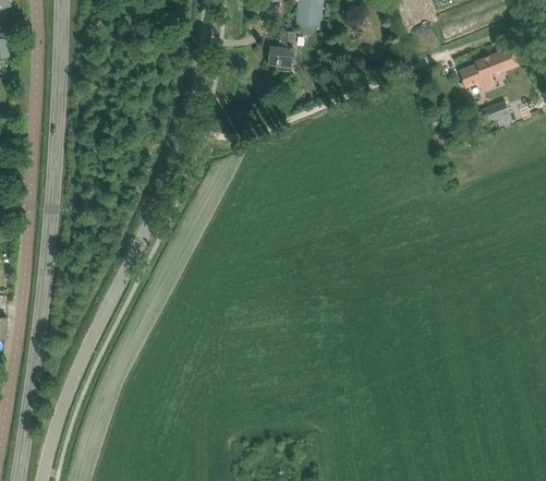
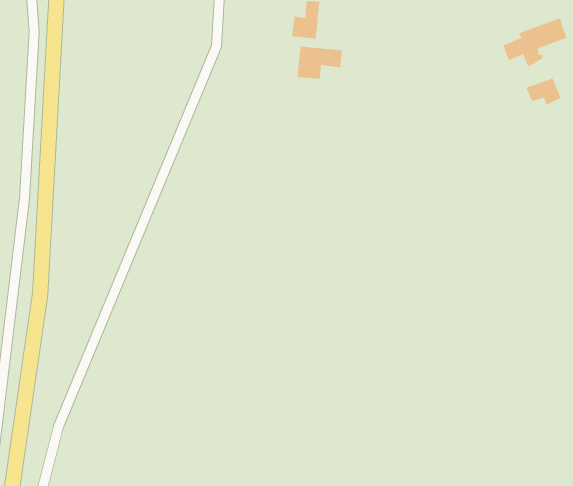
building: none -> [297,46,343,79]

